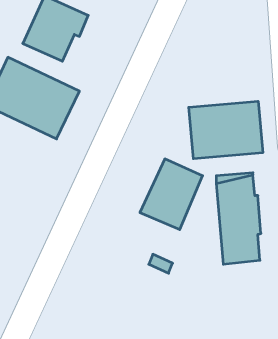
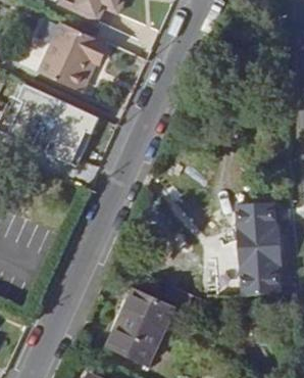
building: [189,101,263,159] -> none
building: [140,159,203,230] -> [108,293,172,366]

